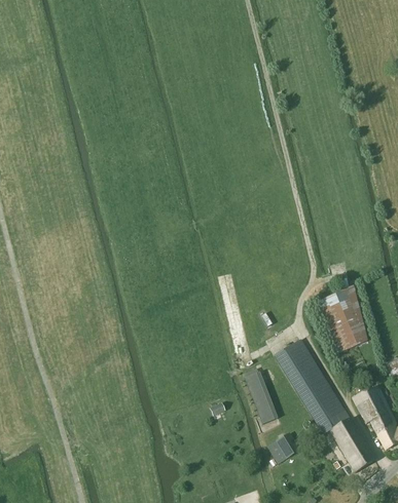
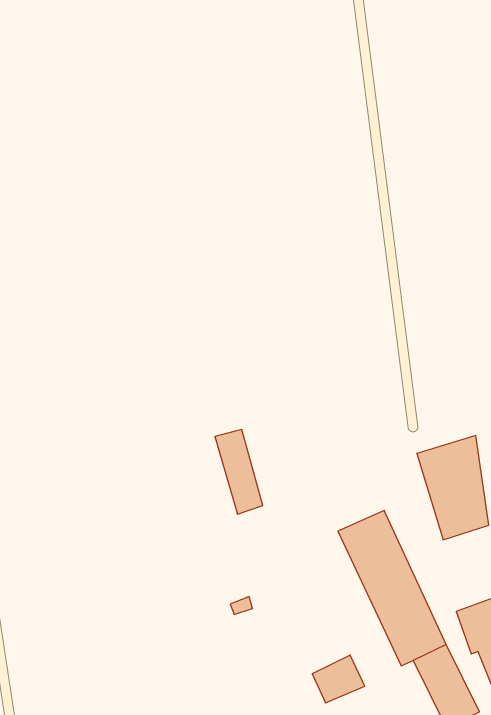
building: [243,371,278,424] -> [215,430,263,514]

